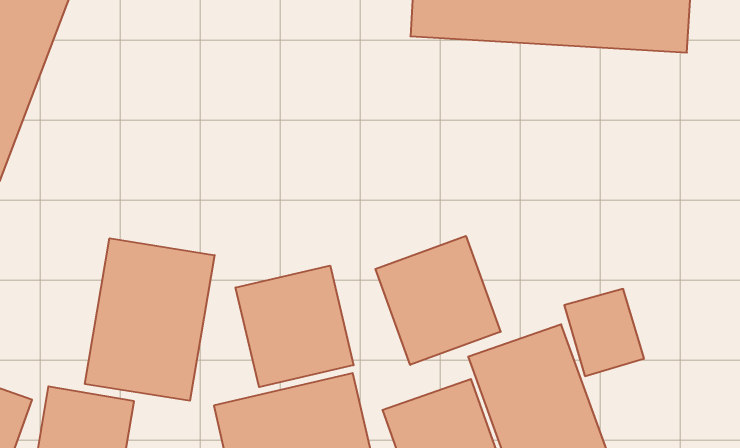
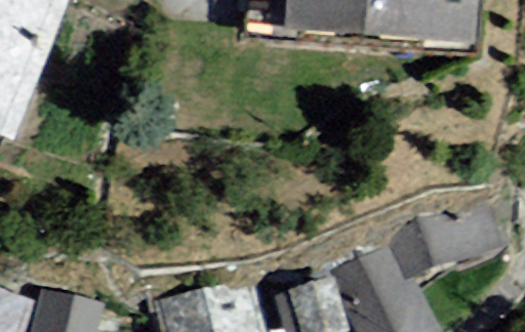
building: [375,236,501,365] -> none
building: [85,238,215,401] -> none
building: [236,266,354,387] -> none

